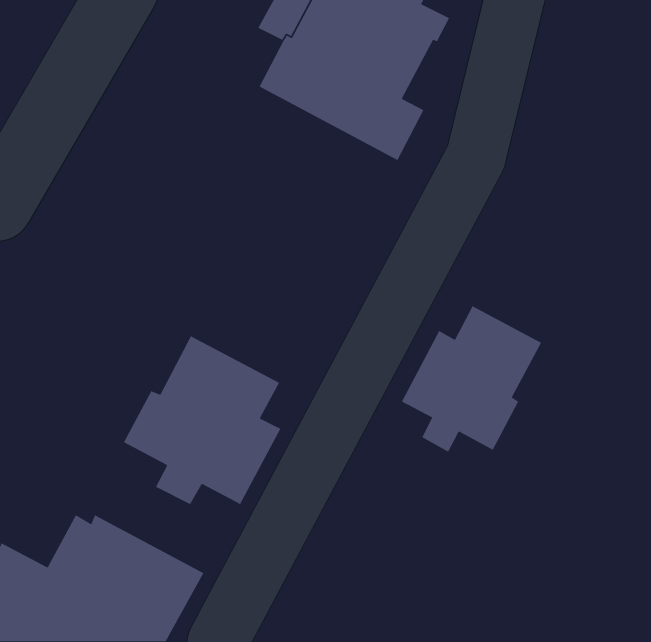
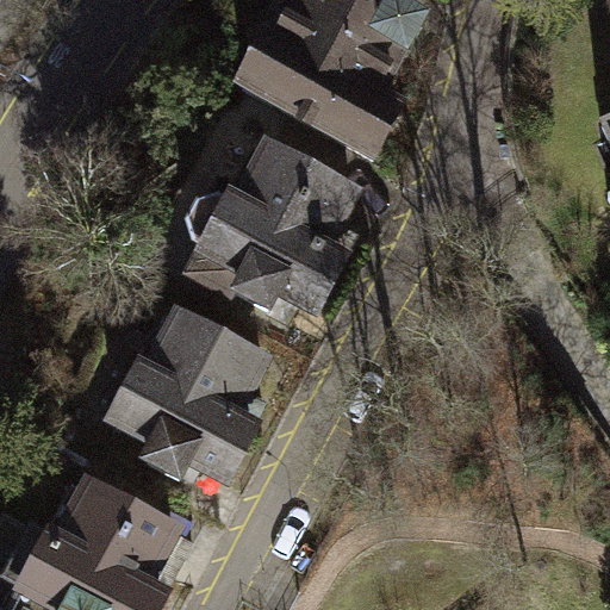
building: none -> [187,142,351,313]
building: [401,305,542,453] -> none

